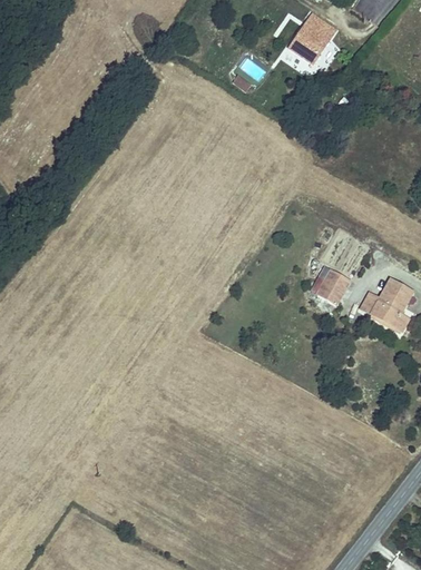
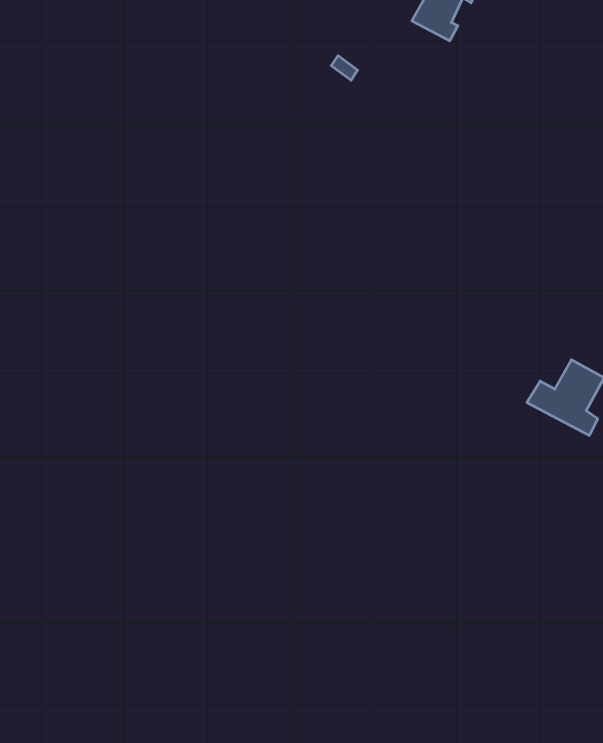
building: [320,267,351,304] -> none

